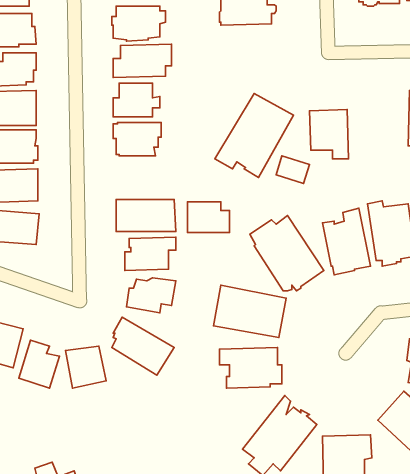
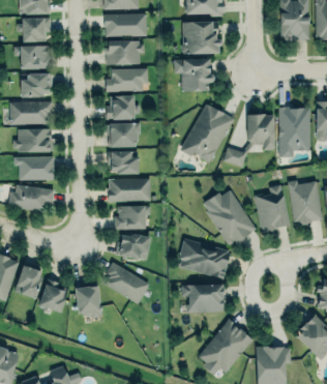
building: none -> [174,58,215,91]
building: none -> [278,107,310,157]
building: [187,202,229,232] -> [108,151,138,173]

